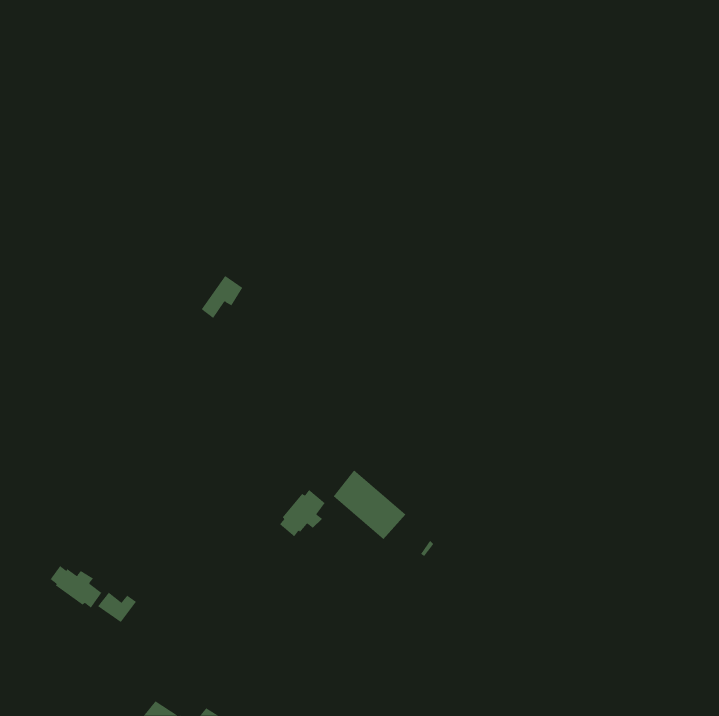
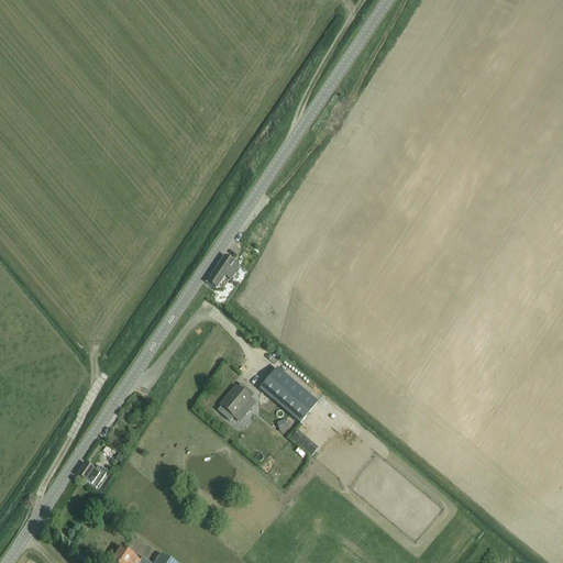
building: [201,275,243,319] -> [207,254,240,288]
building: [50,565,102,608] -> none

